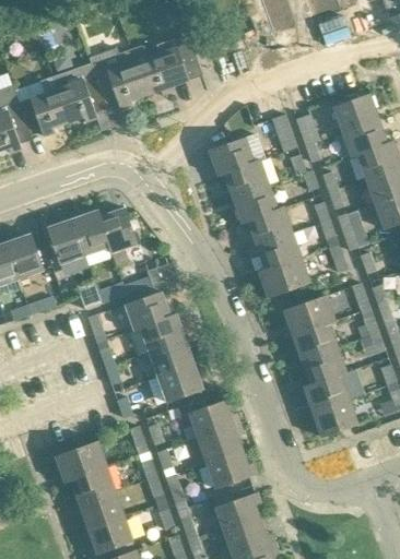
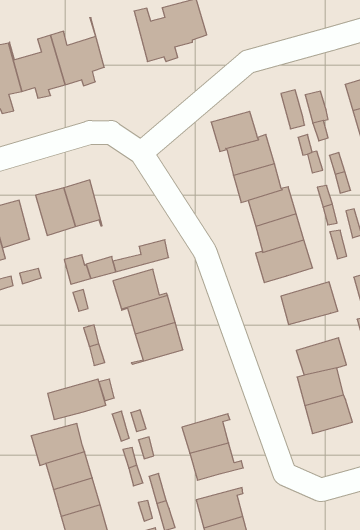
building: [90,48,145,110] -> none
building: [97,207,138,266] -> none
building: [293,323,341,360] -> none
building: [148,366,203,406] -> [48,379,106,419]
building: [189,400,240,439] -> none

